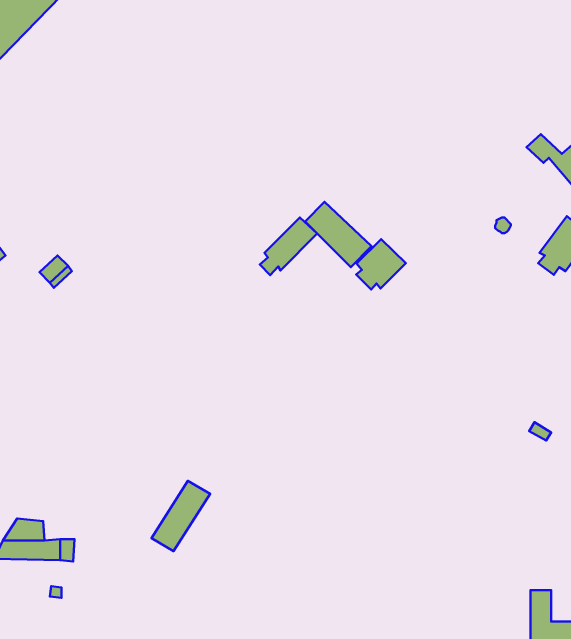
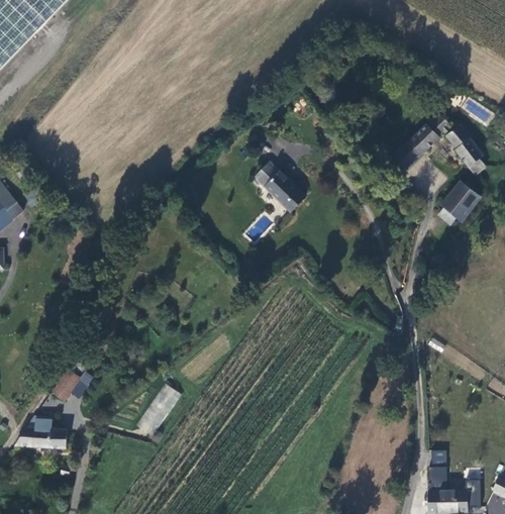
building: none -> [395,124,439,168]
building: [260,218,317,275] -> none
building: [356,239,406,290] -> none
building: none -> [49,368,80,399]

